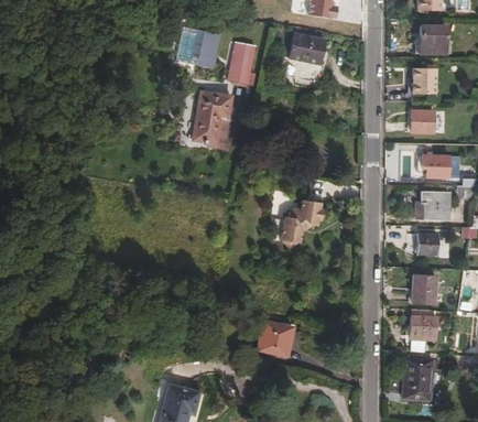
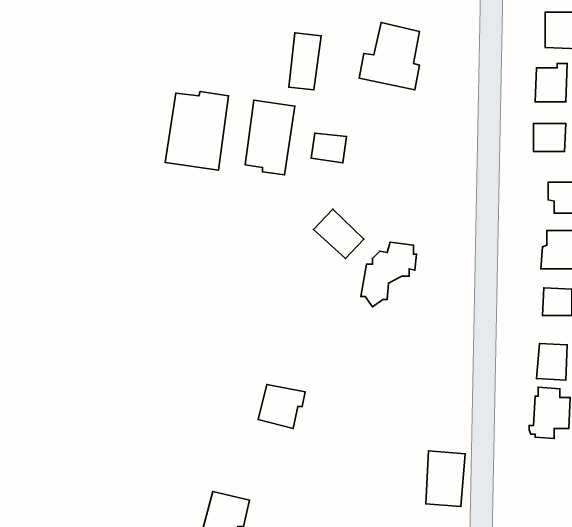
building: [185,26,220,67] -> none
building: none -> [165,91,229,170]
building: none -> [311,133,347,163]
building: none -> [314,209,364,259]
building: [258,320,293,353] -> [258,384,305,428]
building: [403,357,433,399] -> [426,451,465,507]

